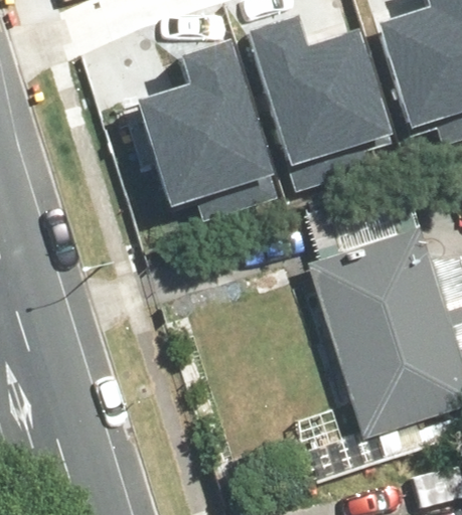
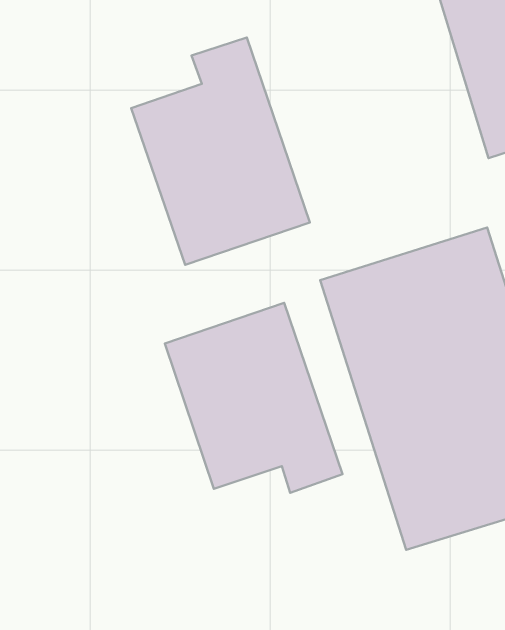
building: [252,22,400,181] -> none
building: none -> [165,303,343,493]

